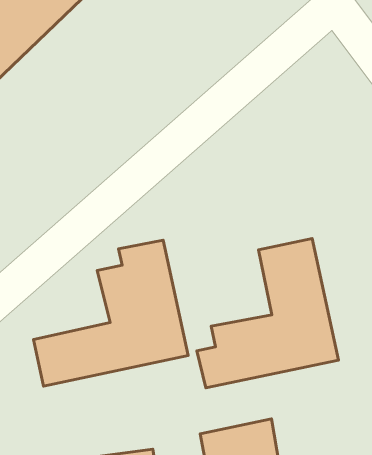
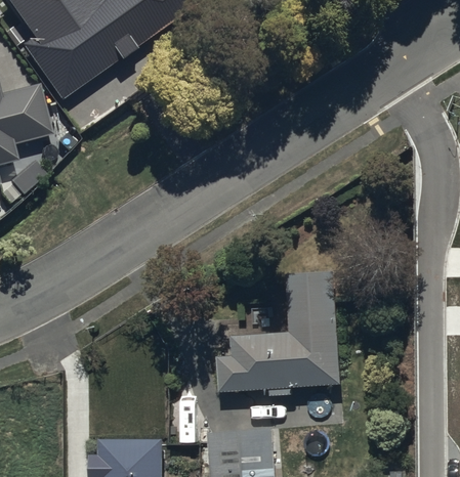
building: [33,240,188,386] -> none

